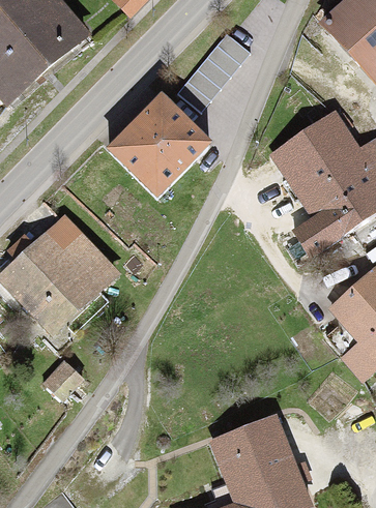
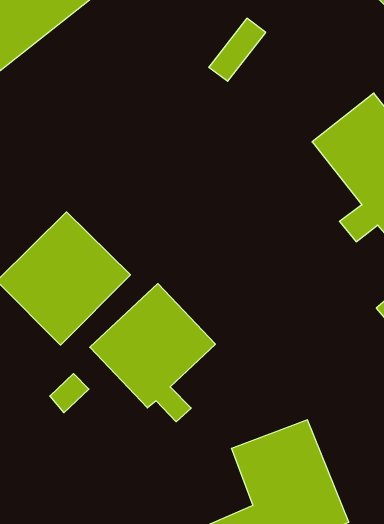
building: [109,95,210,196] -> none
building: none -> [90,284,215,422]

